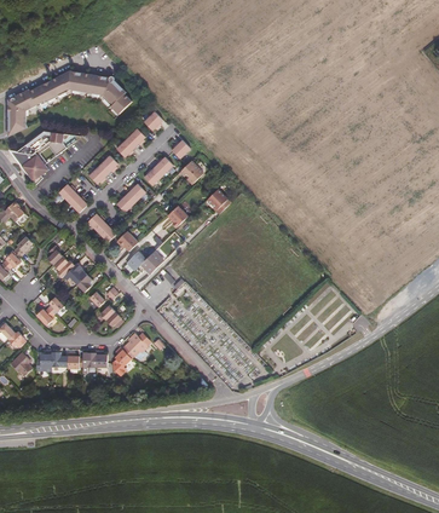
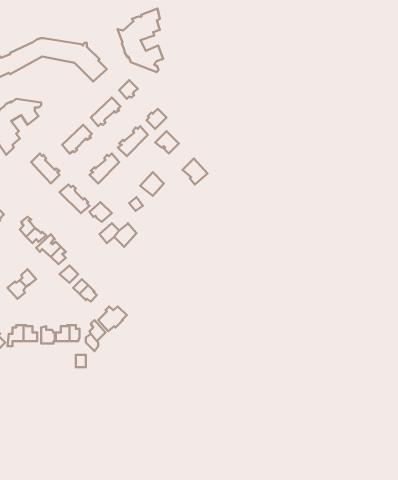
building: none -> [118,9,163,72]

